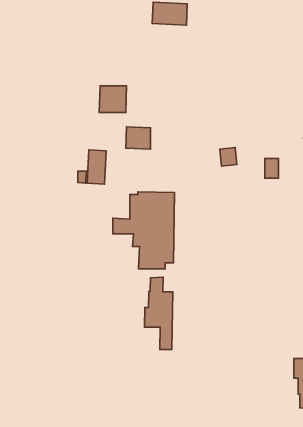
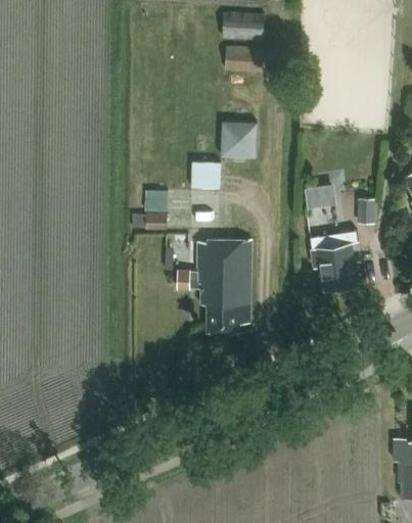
building: none -> [227,46,266,72]
building: [99,86,127,112] -> [225,123,258,154]
building: none -> [310,234,360,291]
building: [145,277,173,350] -> none

